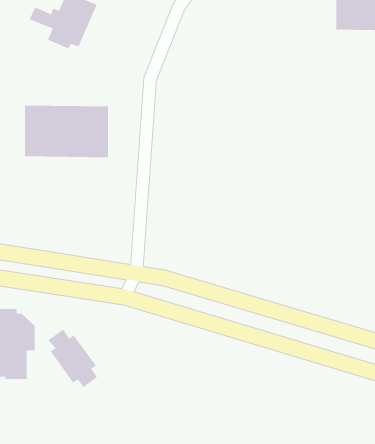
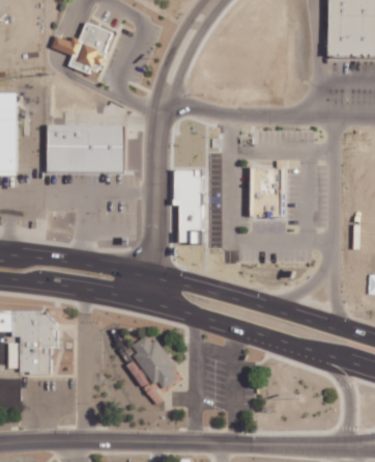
building: none -> [174,168,204,243]
building: none -> [258,169,287,219]
building: [48,329,98,388] -> [131,334,176,388]

